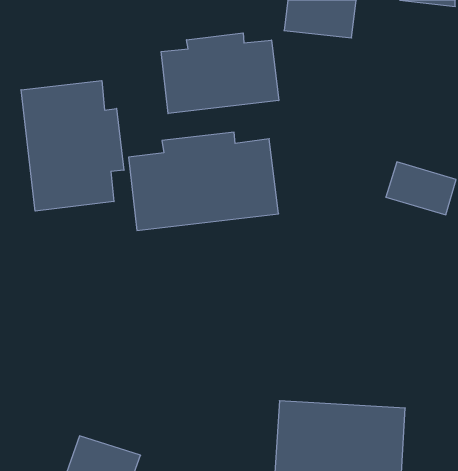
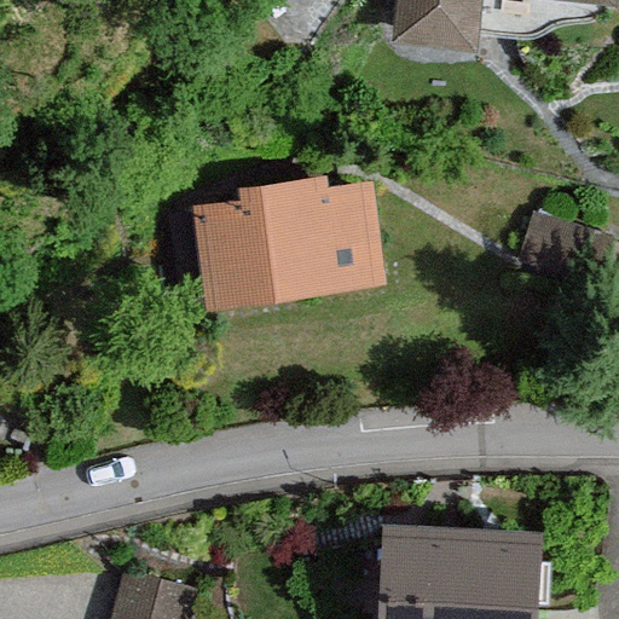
building: [161,33,279,114] -> none
building: [21,81,124,211] -> none

